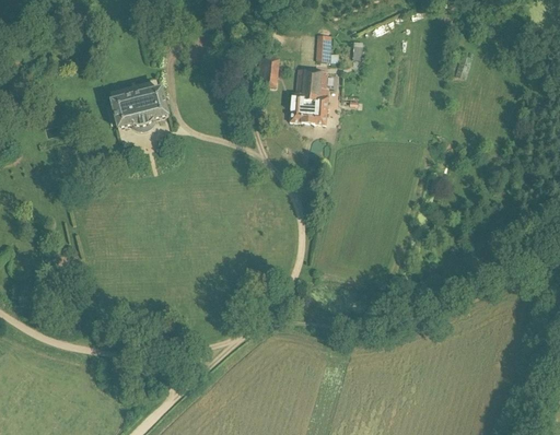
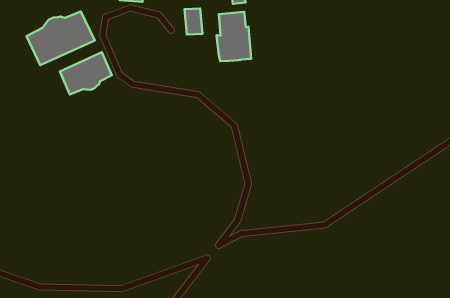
building: none -> [26,11,95,65]

